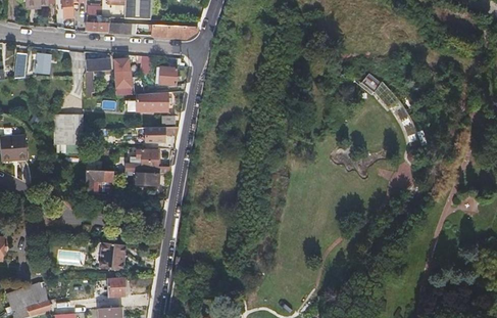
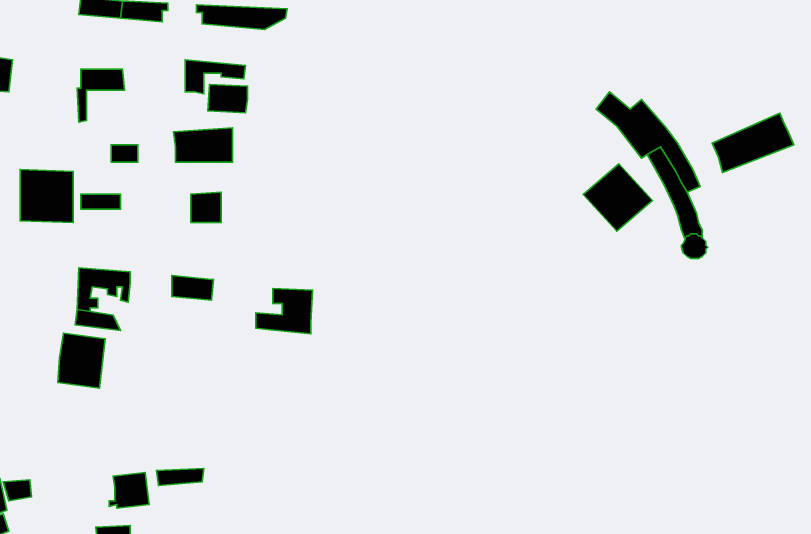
building: [114,57,133,94] -> none
building: none -> [712,113,794,172]
building: none -> [583,164,653,231]
building: [128,148,158,173] -> [256,288,313,334]
building: [98,240,123,270] -> [58,333,105,388]

